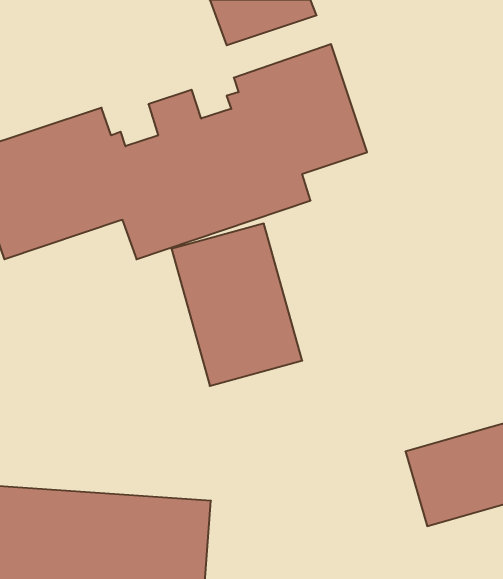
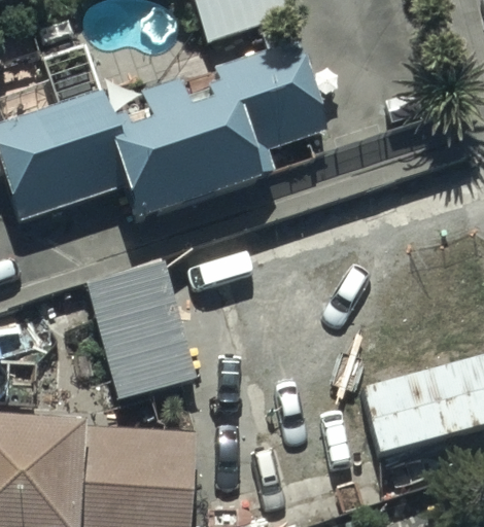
building: [171,224,302,386] -> [87,262,199,401]

